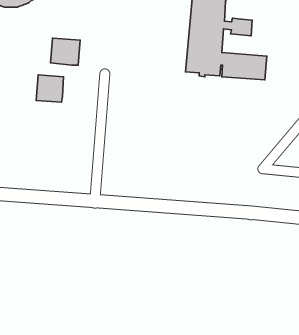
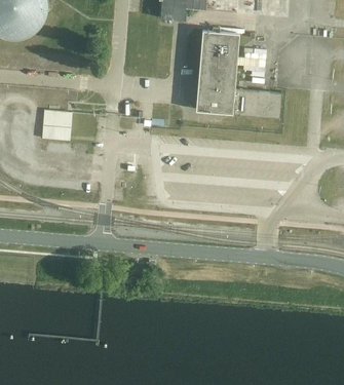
building: [51,38,80,65] -> none

